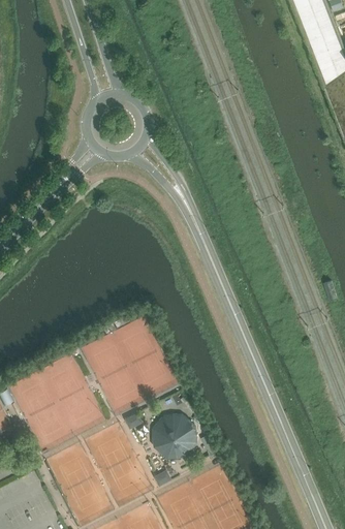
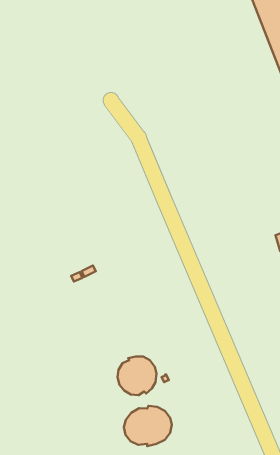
building: none -> [124,406,172,446]

